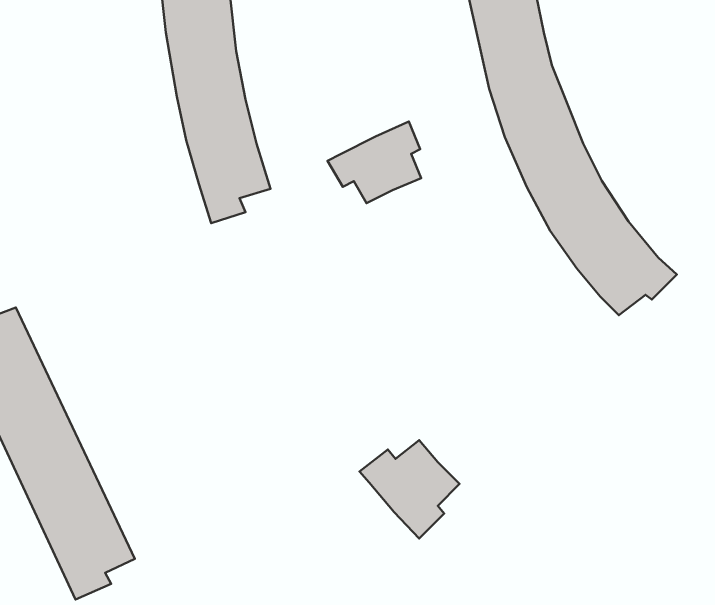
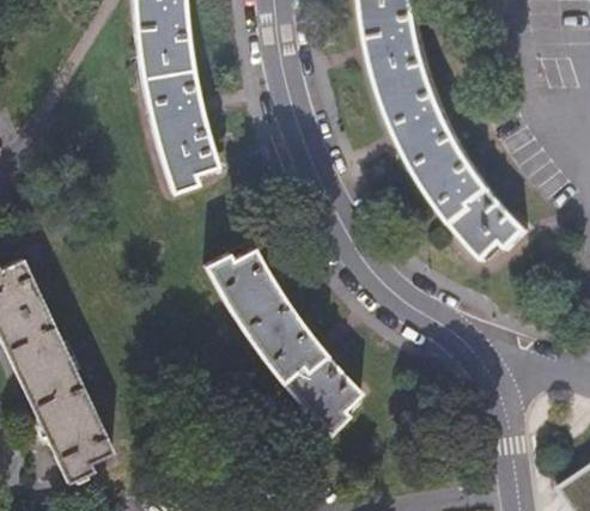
building: [328,121,421,203] -> none
building: none -> [203,250,329,383]

